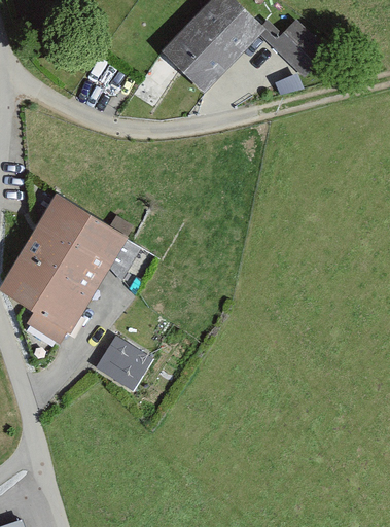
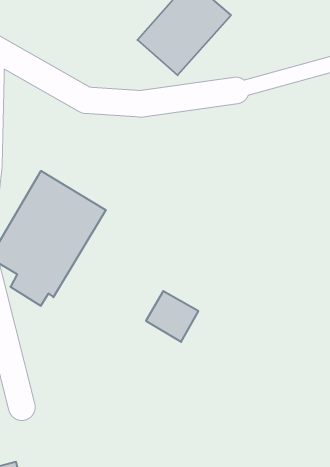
building: [271,17,326,73] -> none
building: [93,335,149,389] -> [146,291,198,342]

